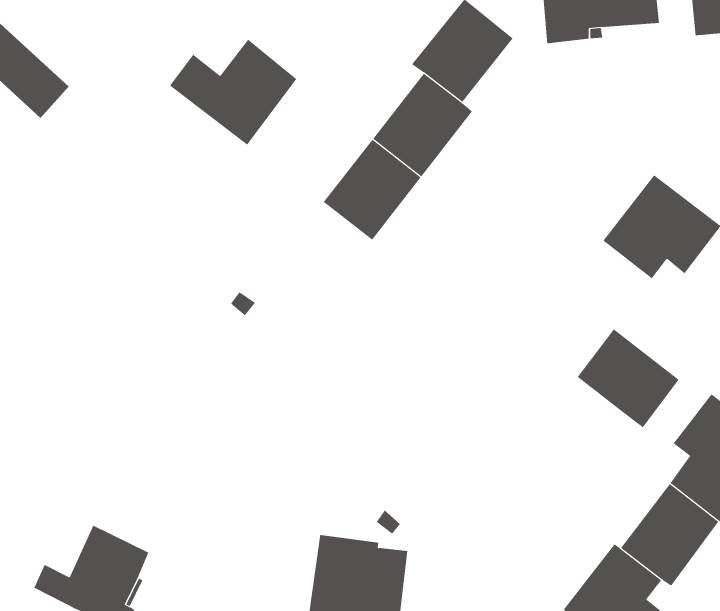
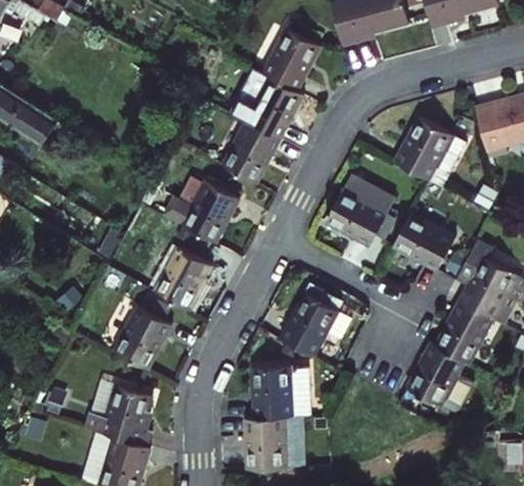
building: [169,39,297,145] -> [162,179,238,244]
building: none -> [325,174,394,246]
building: none -> [152,246,212,310]
building: none -> [113,306,172,369]
building: none -> [279,292,352,356]

